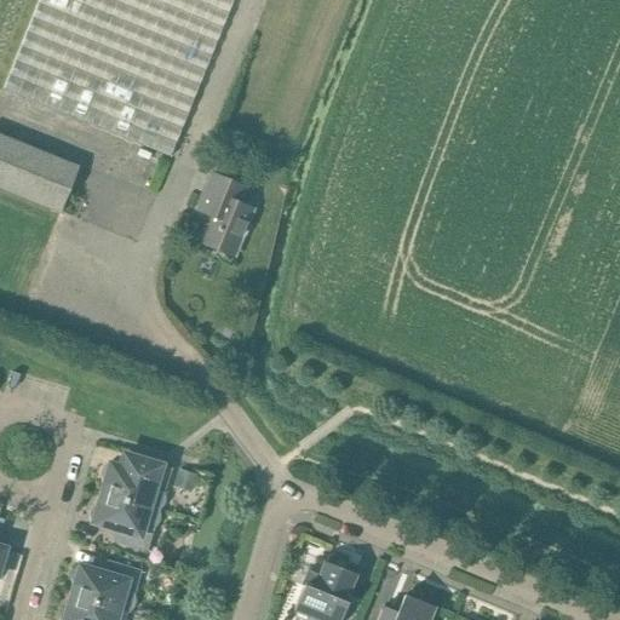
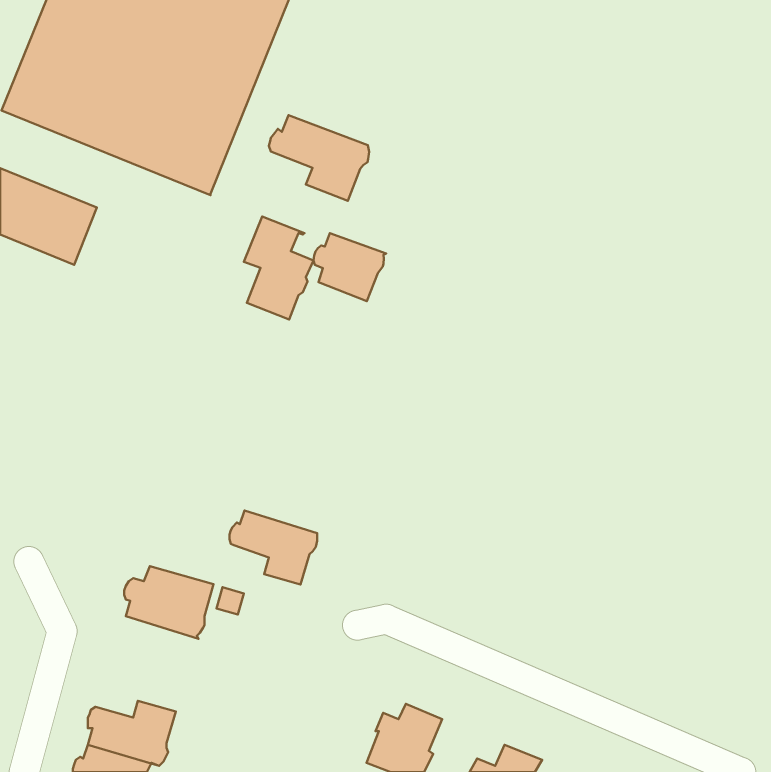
building: none -> [269,115,369,201]
building: none -> [314,233,386,301]
building: [91,493,161,552] -> [229,510,317,585]

